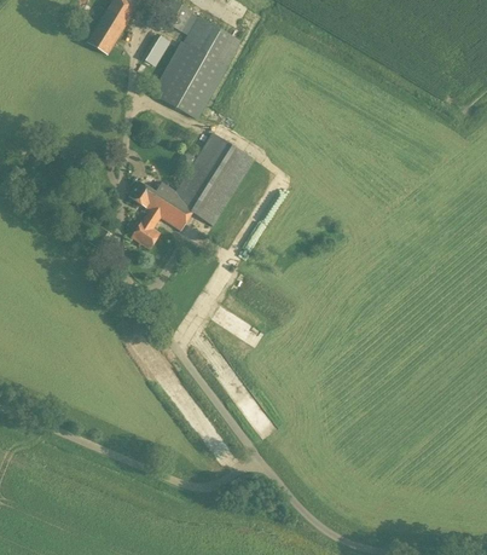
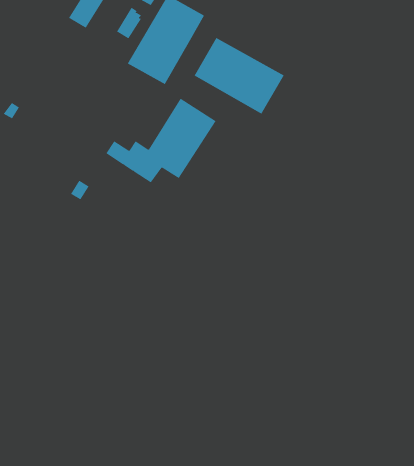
building: none -> [194,37,284,114]
building: [131,209,160,248] -> none

